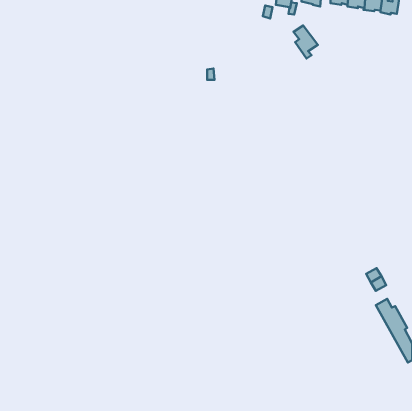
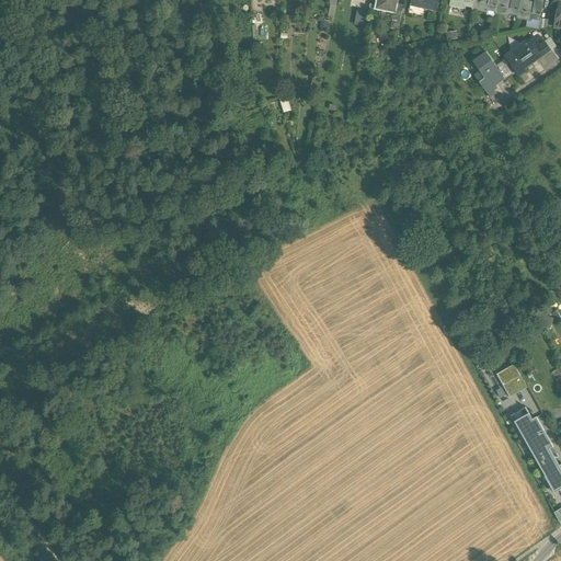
building: [294,25,318,58] -> [472,50,505,95]
building: none -> [505,37,550,75]

